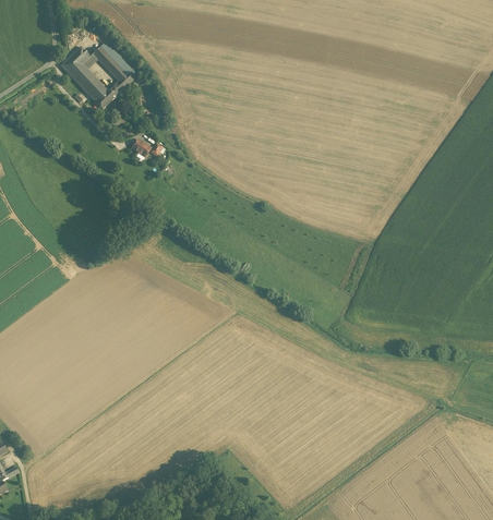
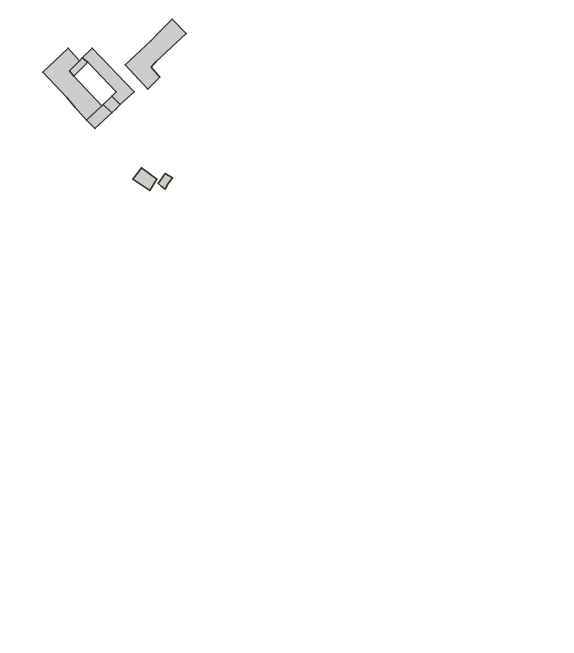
building: none -> [125,19,186,89]

